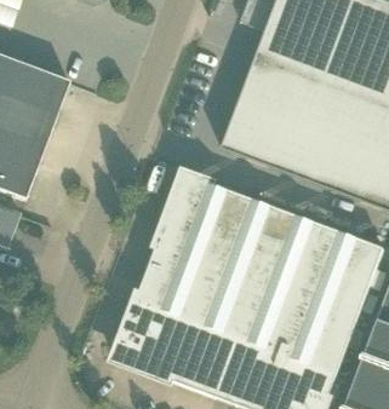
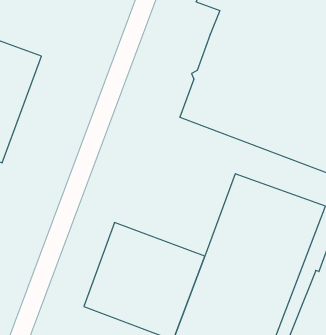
building: [149,172,284,301] -> none

